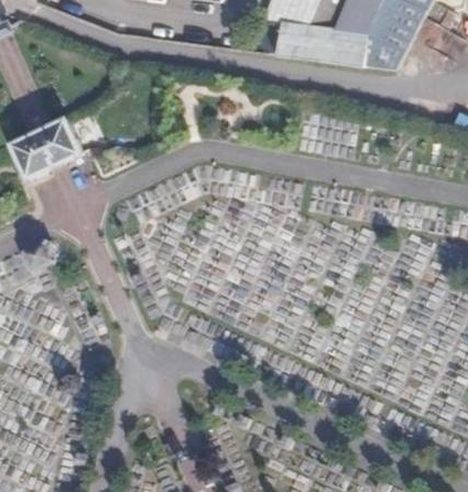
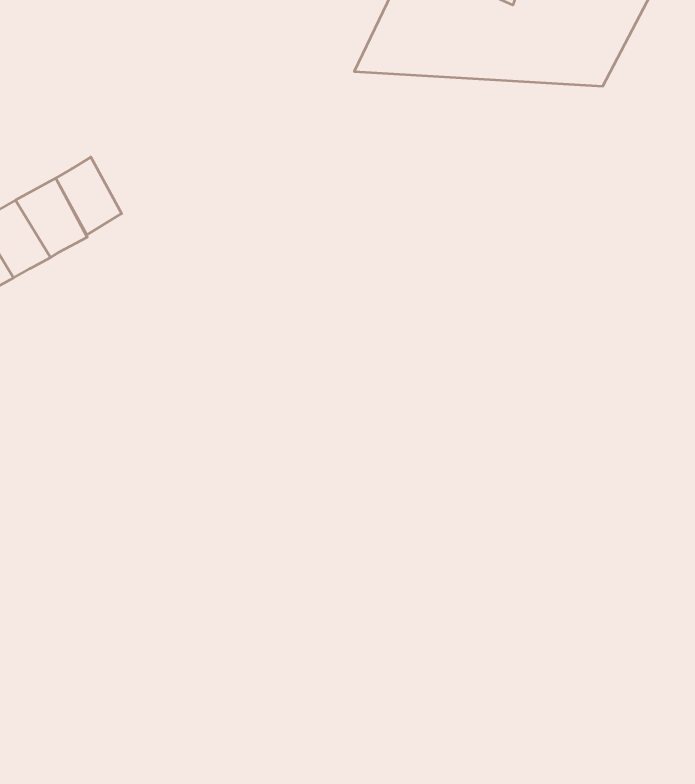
building: none -> [56,157,122,235]

